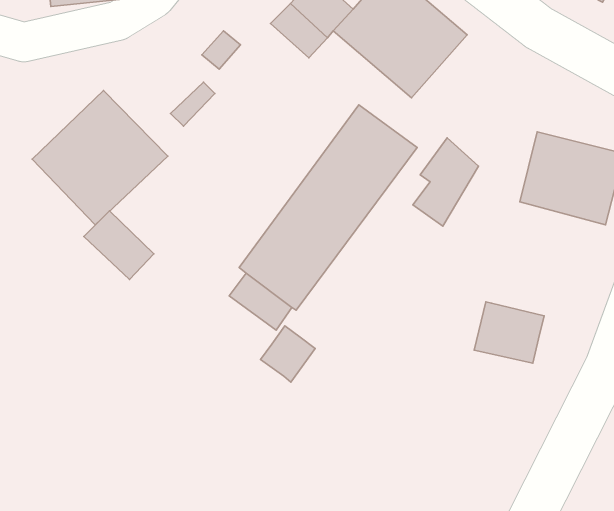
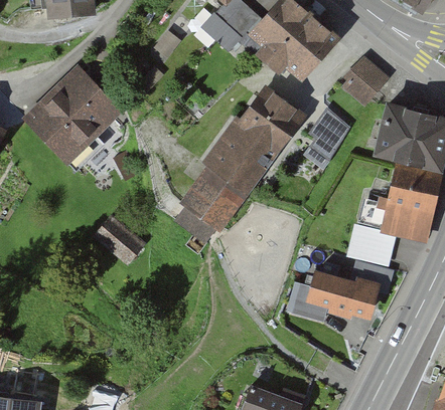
building: none -> [341,55,392,109]
building: [84,211,154,279] -> [96,216,145,264]
building: none -> [357,163,437,238]
building: [260,326,315,382] -> none
building: none -> [289,267,380,323]

